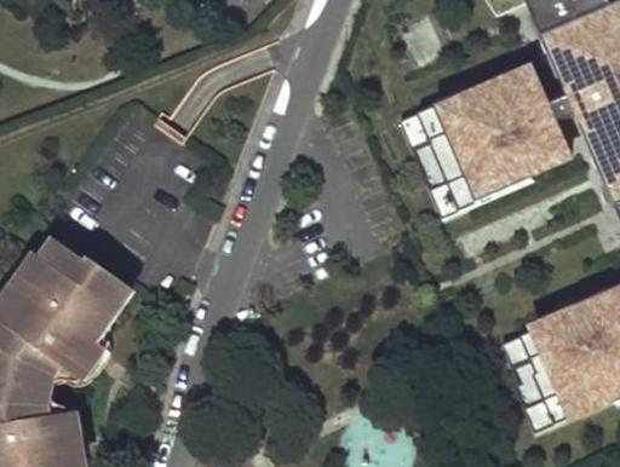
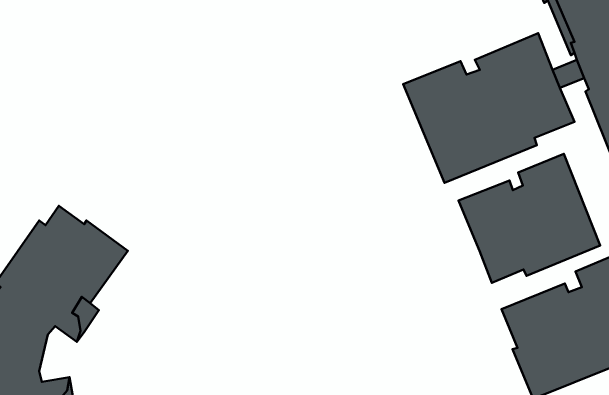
building: none -> [458,154,600,283]

